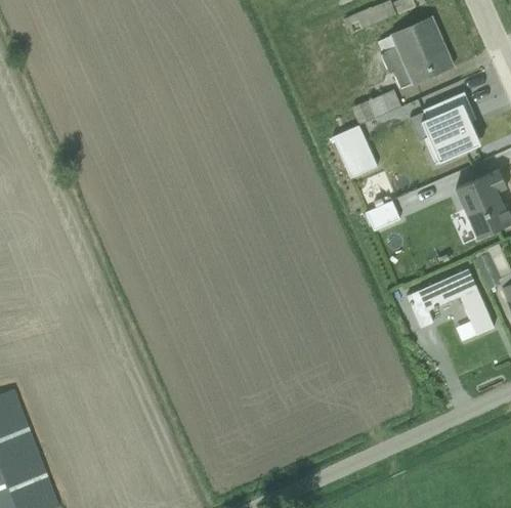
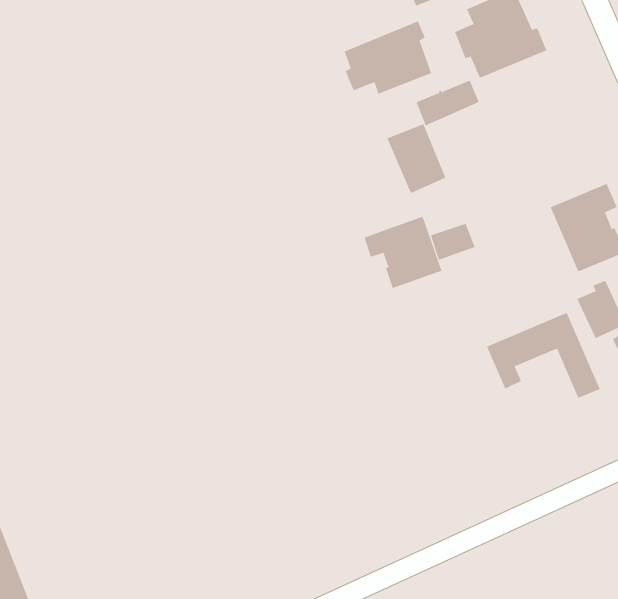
building: none -> [344,21,432,95]
building: [421,92,475,166] -> none
building: none -> [364,216,442,289]

